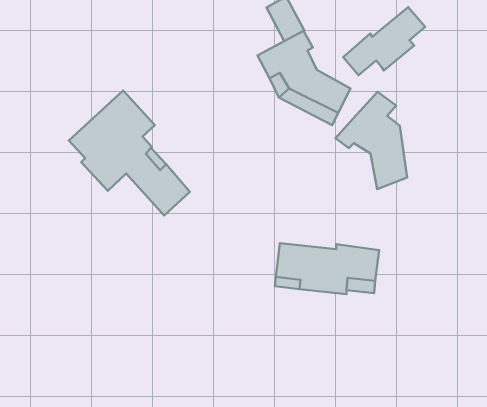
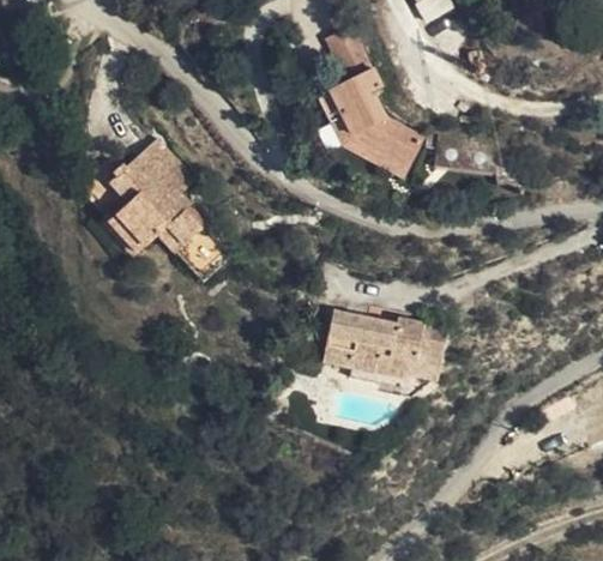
building: [343,7,425,75] -> none
building: [335,92,407,189] -> none

